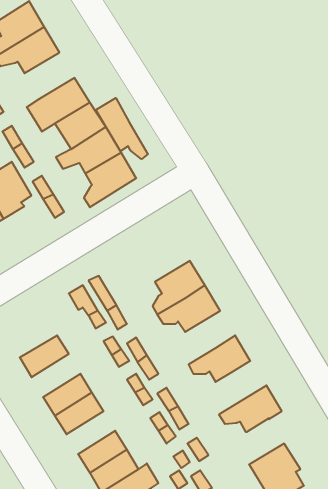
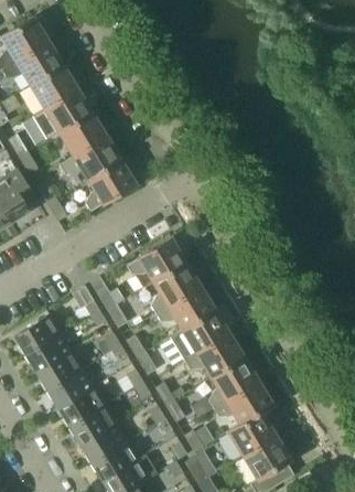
building: none -> [30,65,77,109]
building: [96,98,148,159] -> none
building: none -> [127,238,186,282]
building: none -> [171,310,229,361]
building: none -> [14,314,61,354]
building: none -> [36,351,83,392]
building: none -> [208,357,259,408]
building: none -> [69,405,116,446]
building: none -> [228,411,276,456]

